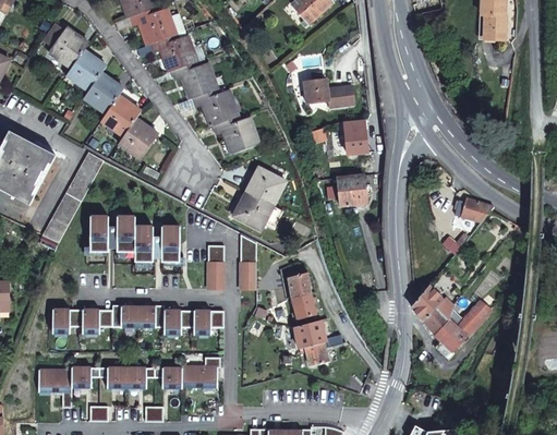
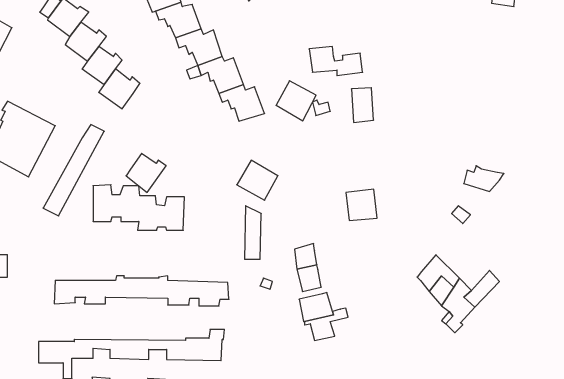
building: [116,125,155,164] -> [126,153,166,192]
building: [246,167,286,206] -> [276,81,316,121]
building: [336,174,366,205] -> [346,189,377,220]
building: [208,245,223,288] -> none

